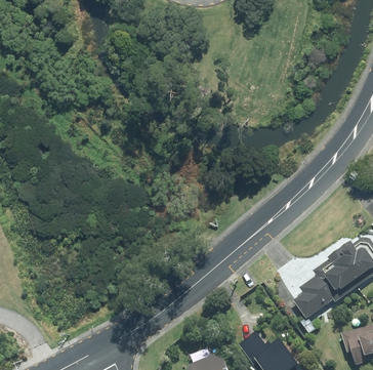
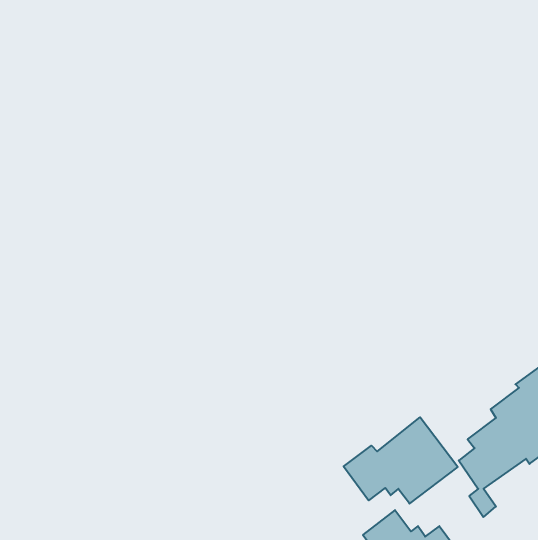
building: none -> [344,417,458,504]

